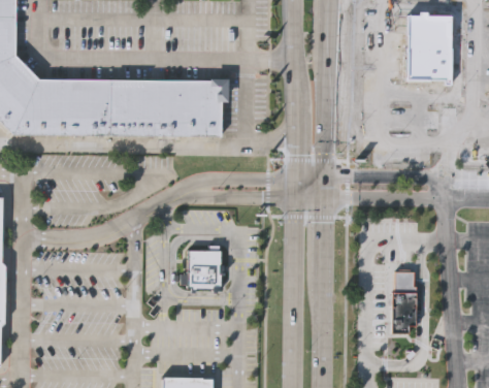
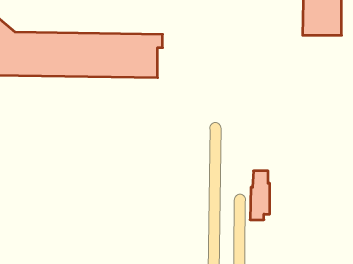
building: [187,245,224,290] -> none
building: [392,270,417,332] -> [250,171,270,220]

